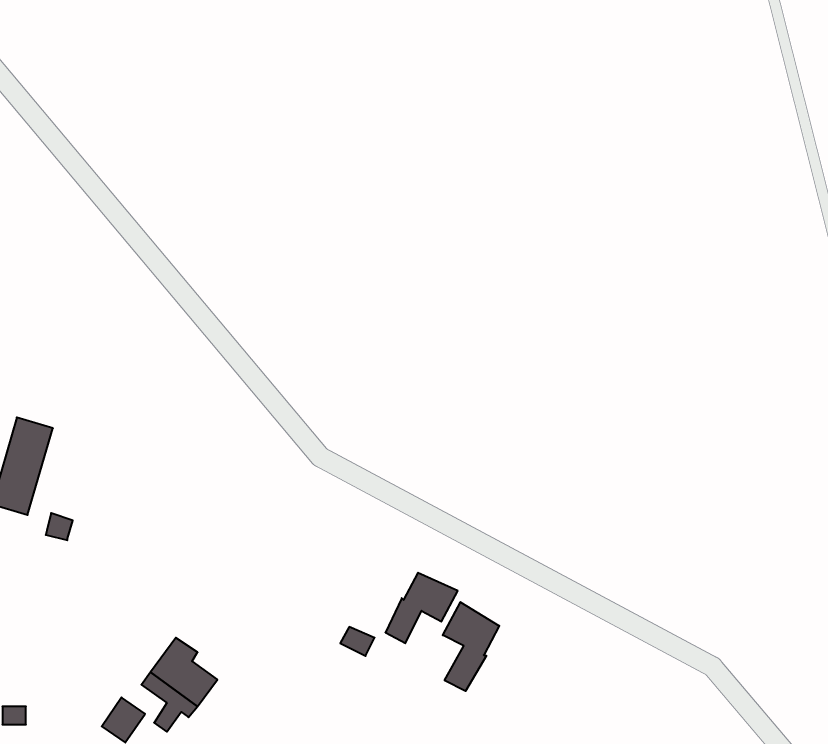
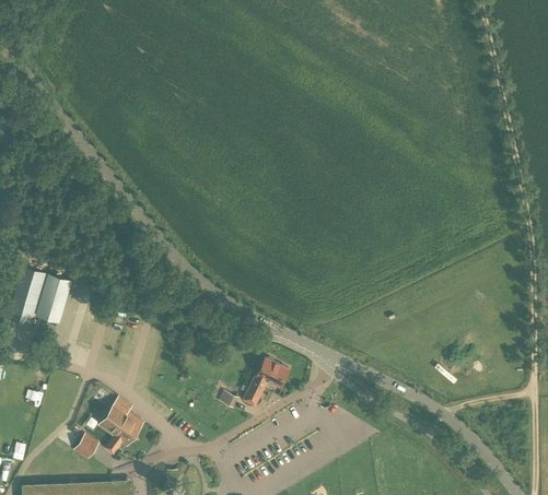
building: none -> [36,273,72,321]
building: [443,602,499,691] -> none

